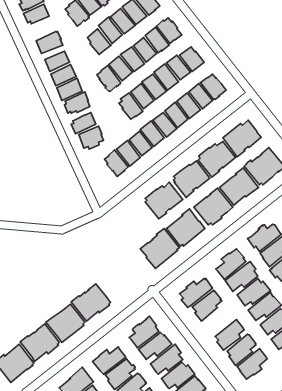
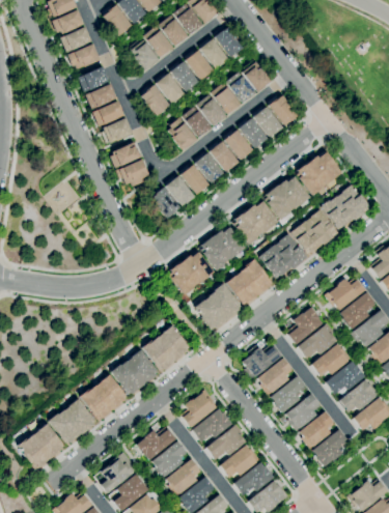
building: none -> [60,27,91,53]
building: none -> [169,252,215,295]
building: none -> [142,326,190,372]
building: none -> [271,376,307,414]

